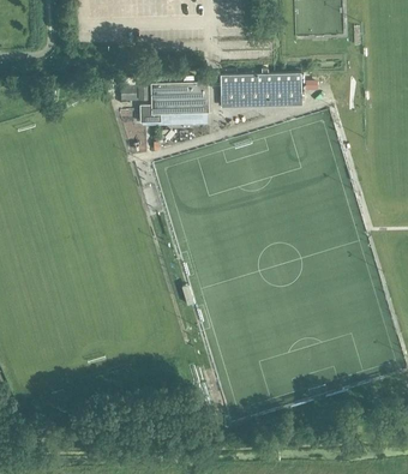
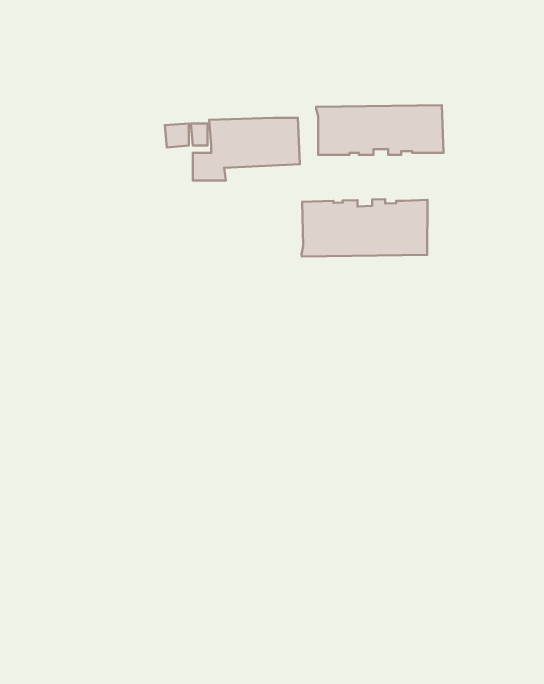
building: none -> [302,199,428,257]

